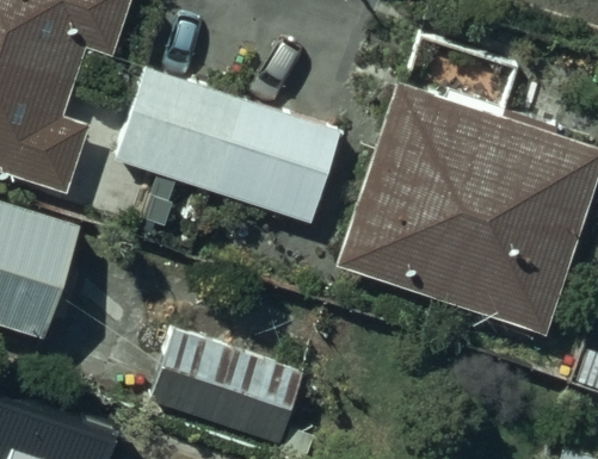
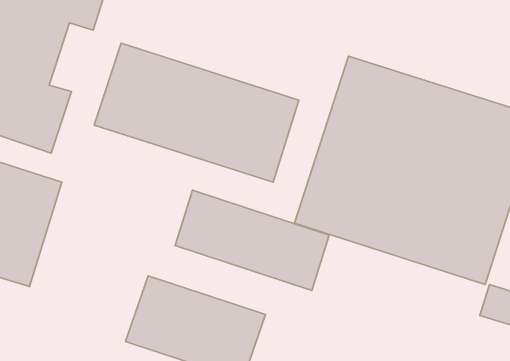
building: none -> [175,190,329,290]

